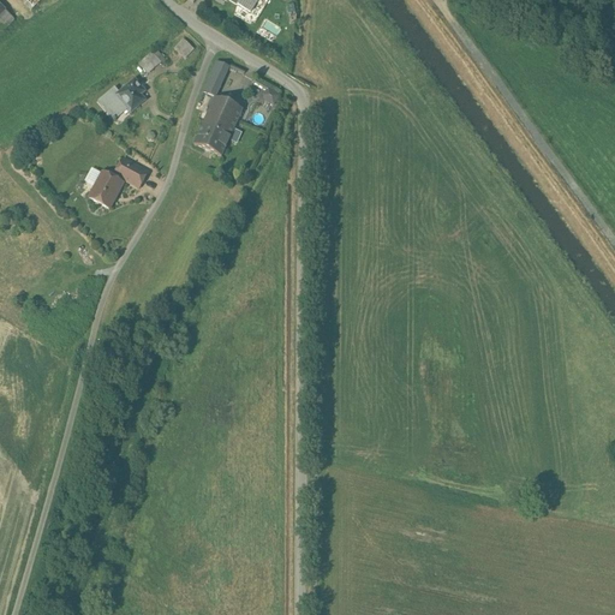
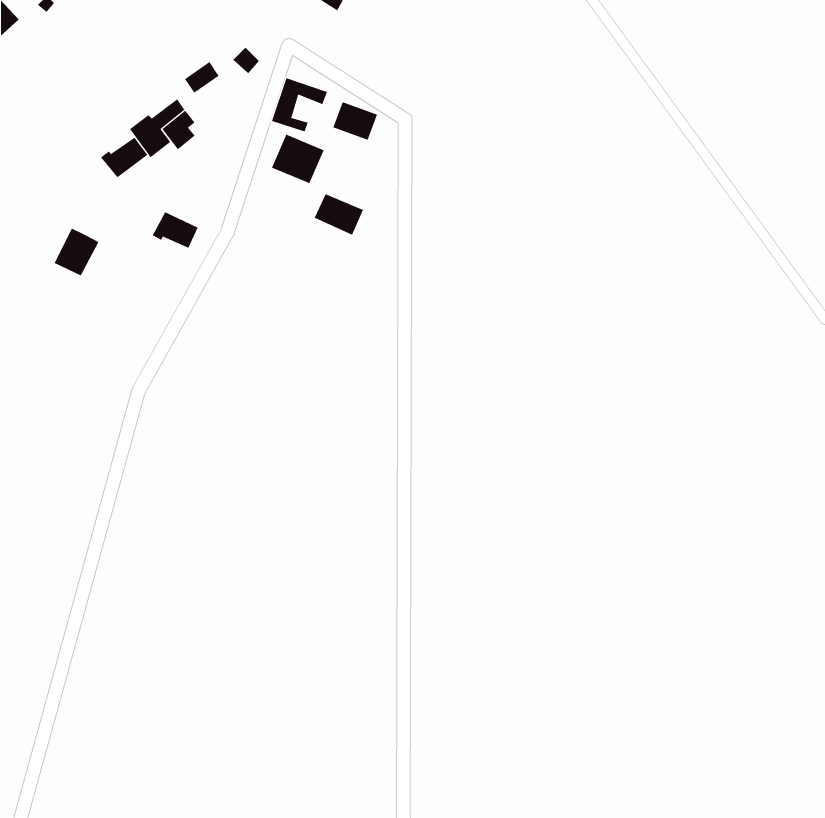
building: none -> [100,137,148,178]
building: [193,125,231,156] -> [314,194,364,236]
building: [90,171,124,207] -> [54,228,99,276]

